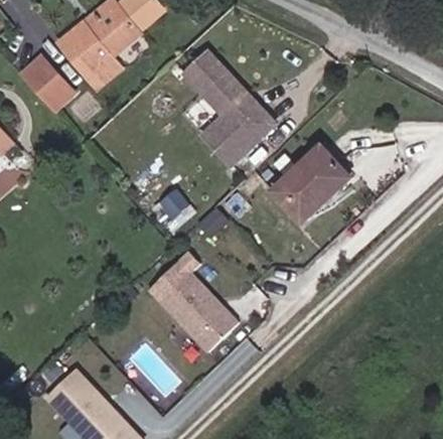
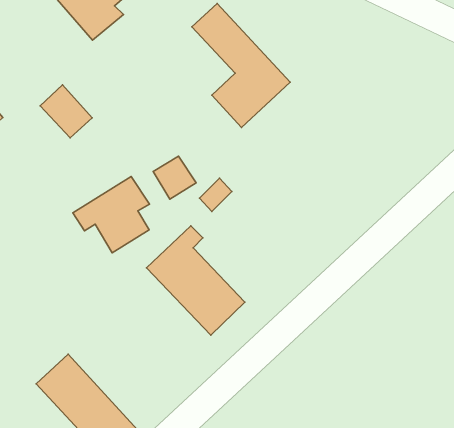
building: [18,56,65,105] -> [40,85,92,138]
building: [272,144,351,222] -> none
building: none -> [73,176,150,253]

